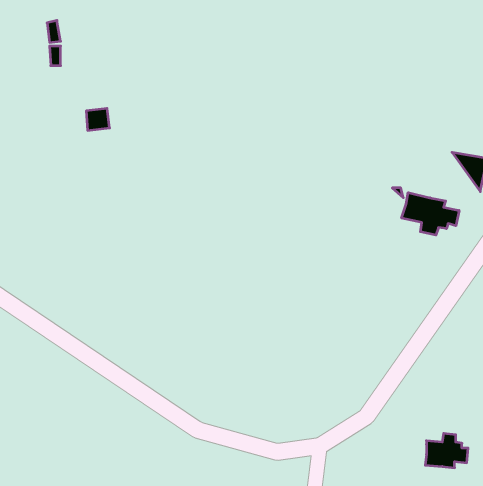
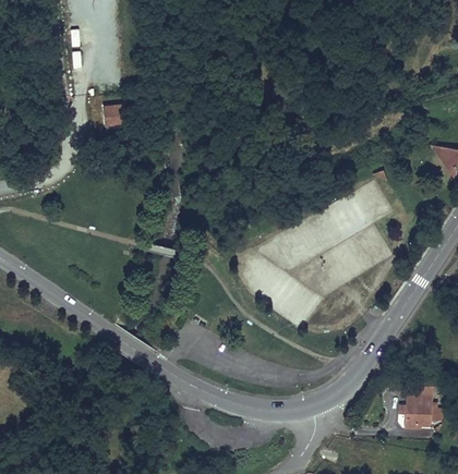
building: [402,193,459,235] -> none

